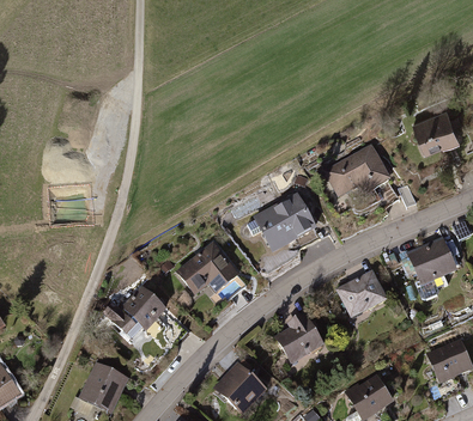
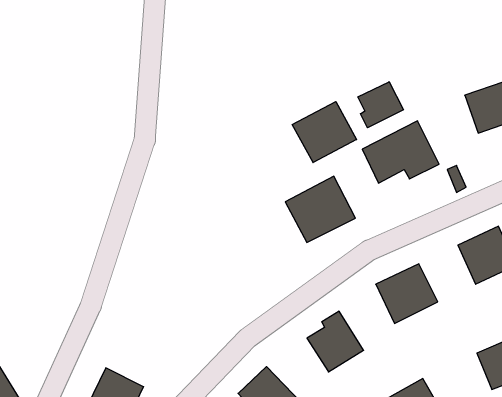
building: none -> [358,82,403,128]
building: none -> [292,102,357,163]
building: [176,239,242,295] -> none
building: [105,288,168,338] -> none

